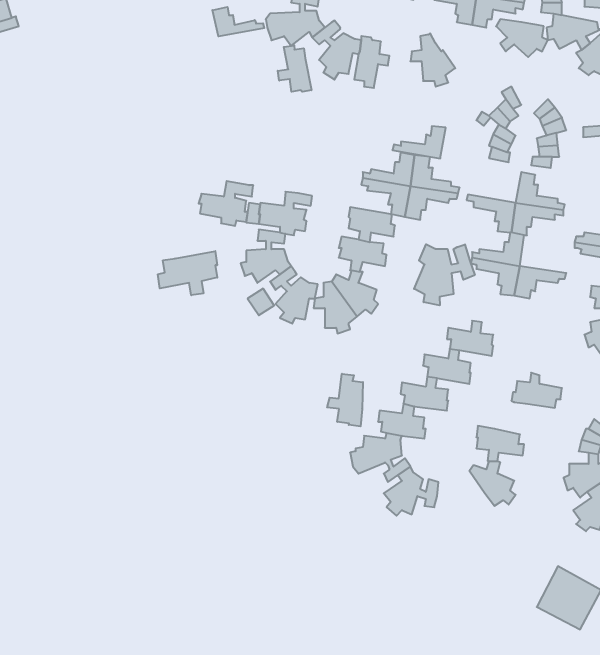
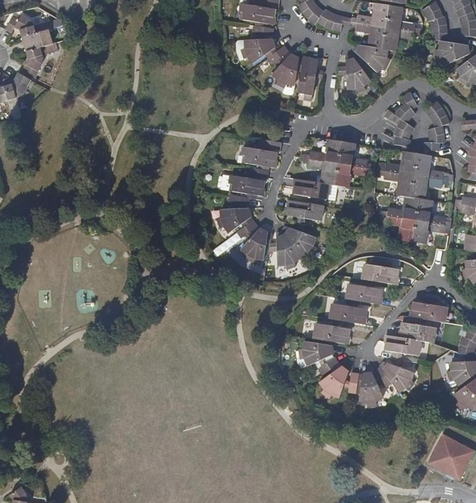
building: [212,7,264,36] -> none
building: [496,19,548,57] -> [353,44,390,71]
building: [278,45,311,92] -> none
building: [392,126,446,158] -> [379,152,417,175]
building: [199,181,253,226] -> [242,138,281,170]
building: none -> [416,198,450,225]
building: [414,244,475,305] -> none
building: [158,251,217,295] -> none
building: [327,374,363,426] -> none
building: none -> [398,317,435,342]
building: none -> [357,366,391,406]

